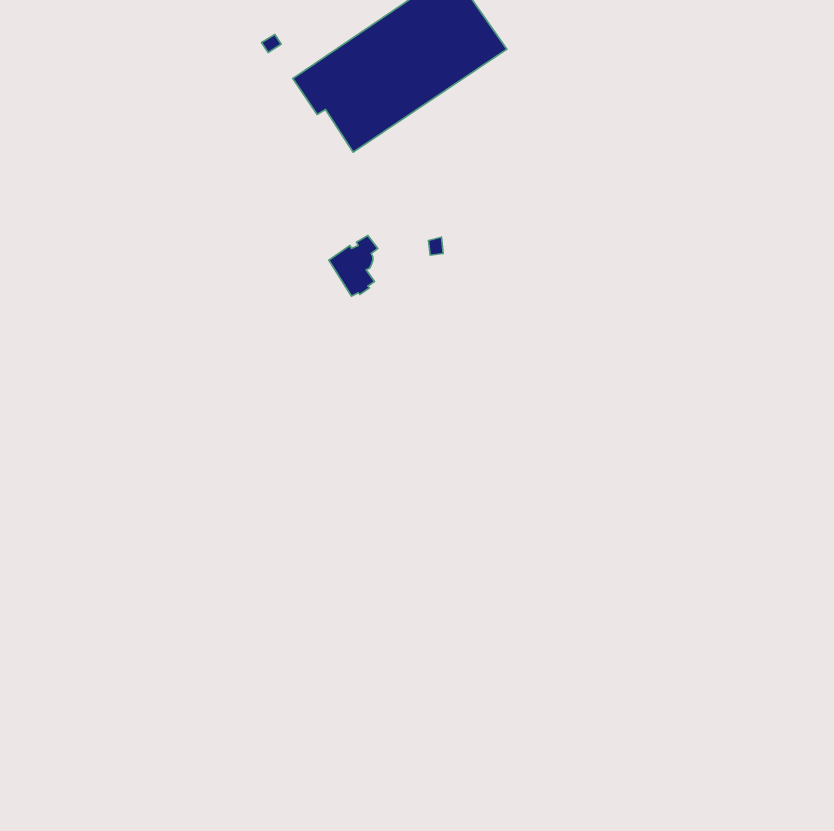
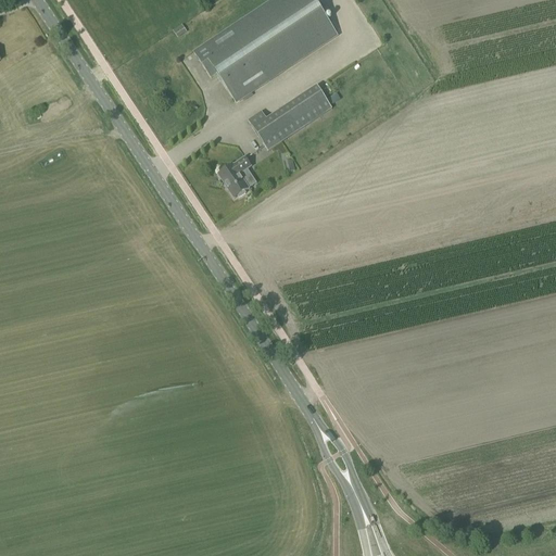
building: none -> [249,85,332,149]

